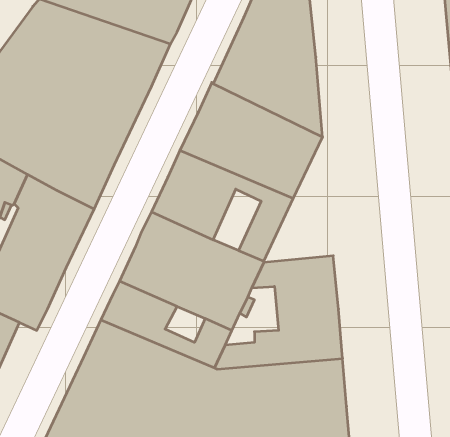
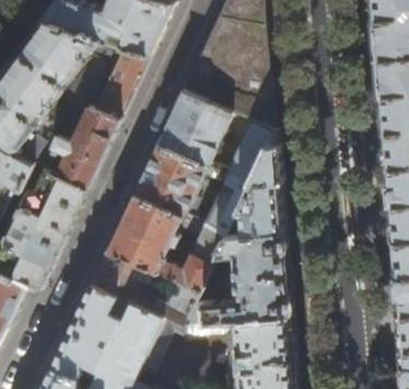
building: none -> [222,137,279,239]

